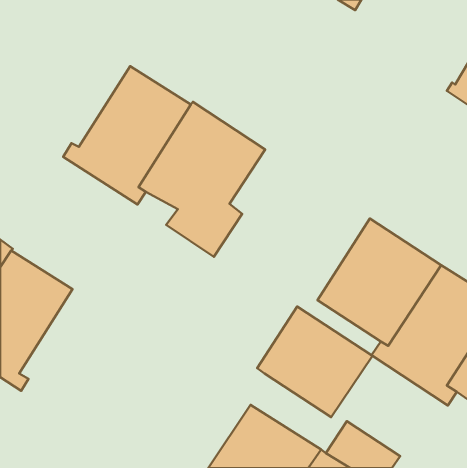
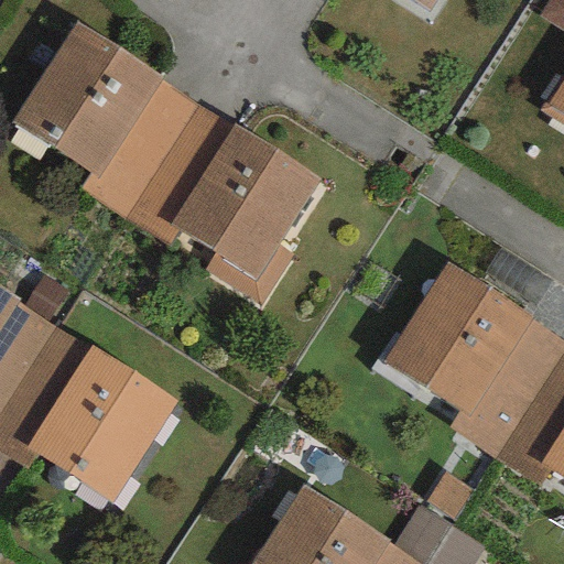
building: none -> [11,20,162,176]
building: none -> [25,347,178,503]
building: [257,306,372,417] -> none

